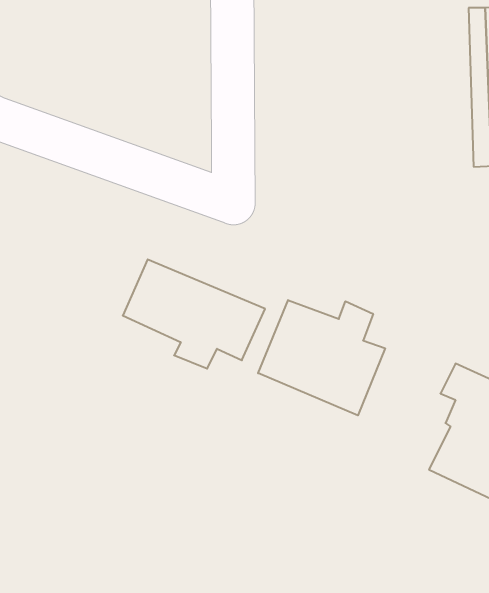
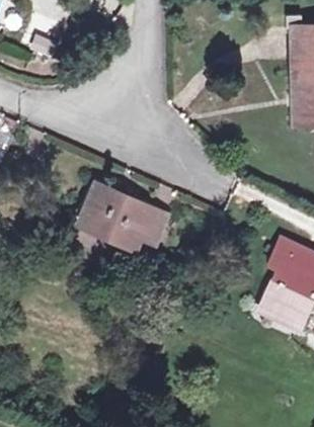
building: [258,300,385,415] -> none

